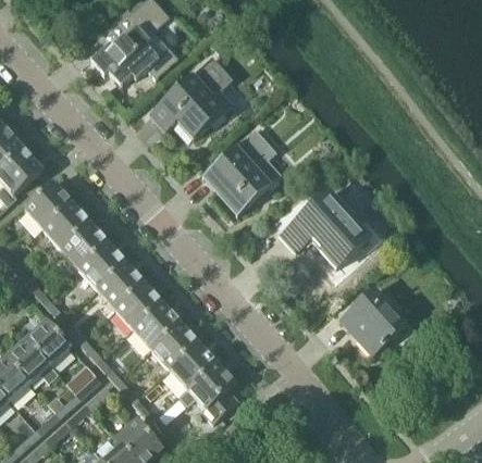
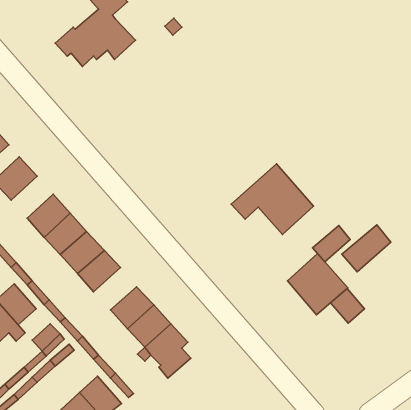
building: [150,57,232,138] -> none
building: [202,127,283,214] -> none
building: [42,203,88,249] -> none
building: none -> [342,225,391,272]
building: none -> [313,226,350,262]
building: [132,302,178,348] -> none
building: none -> [330,288,365,323]

